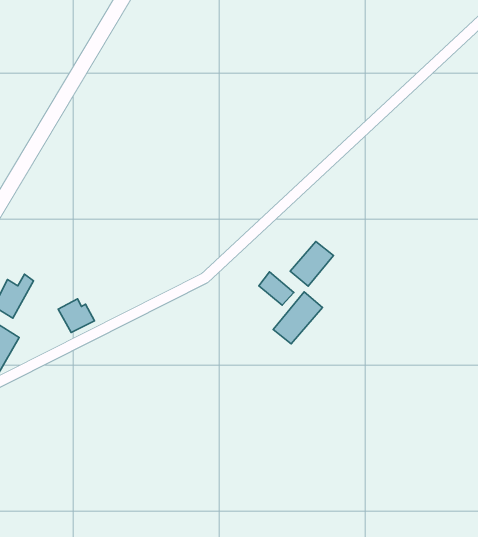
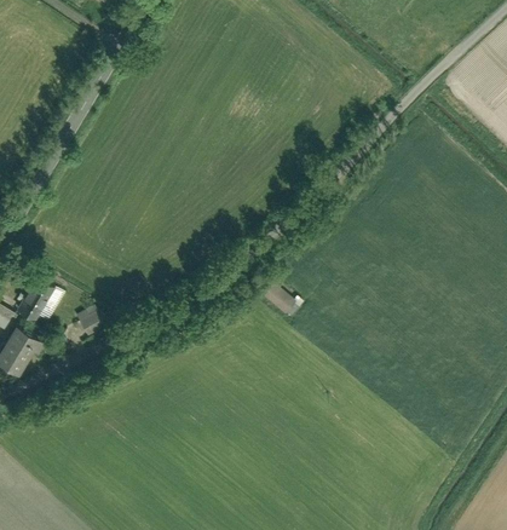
building: [290,241,333,286] -> none
building: [273,292,322,344] -> none

